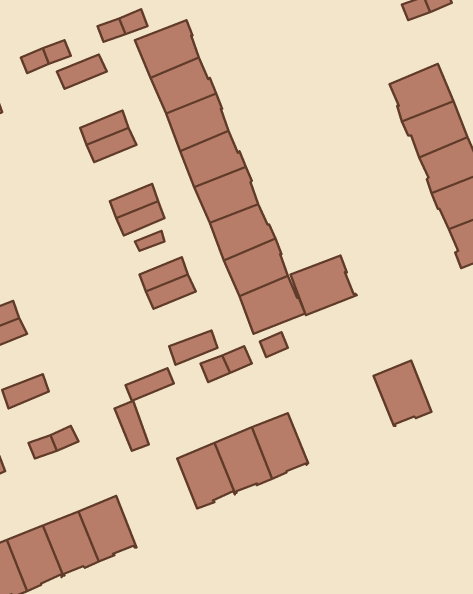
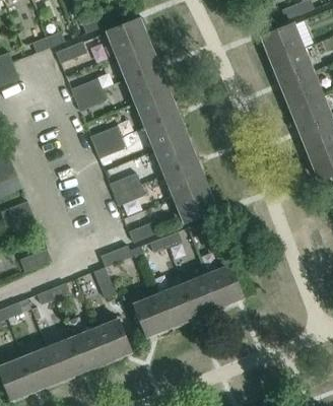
building: none -> [261,23,304,60]
building: [291,256,357,315] -> none
building: [374,360,431,426] -> [206,264,244,307]
building: none -> [94,319,132,361]

